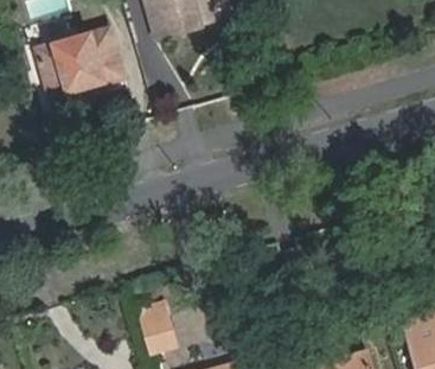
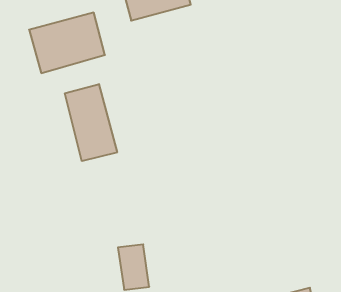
building: none -> [65,84,117,161]

